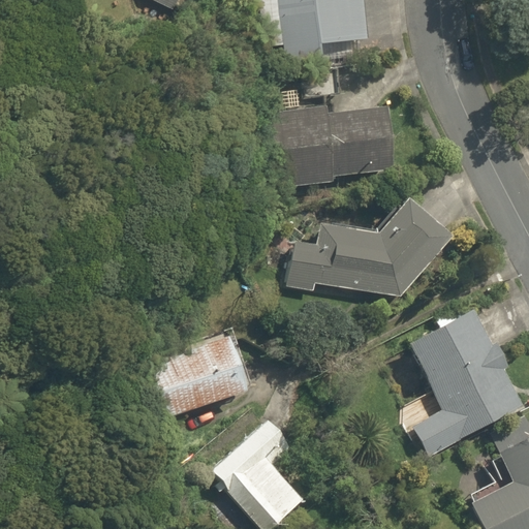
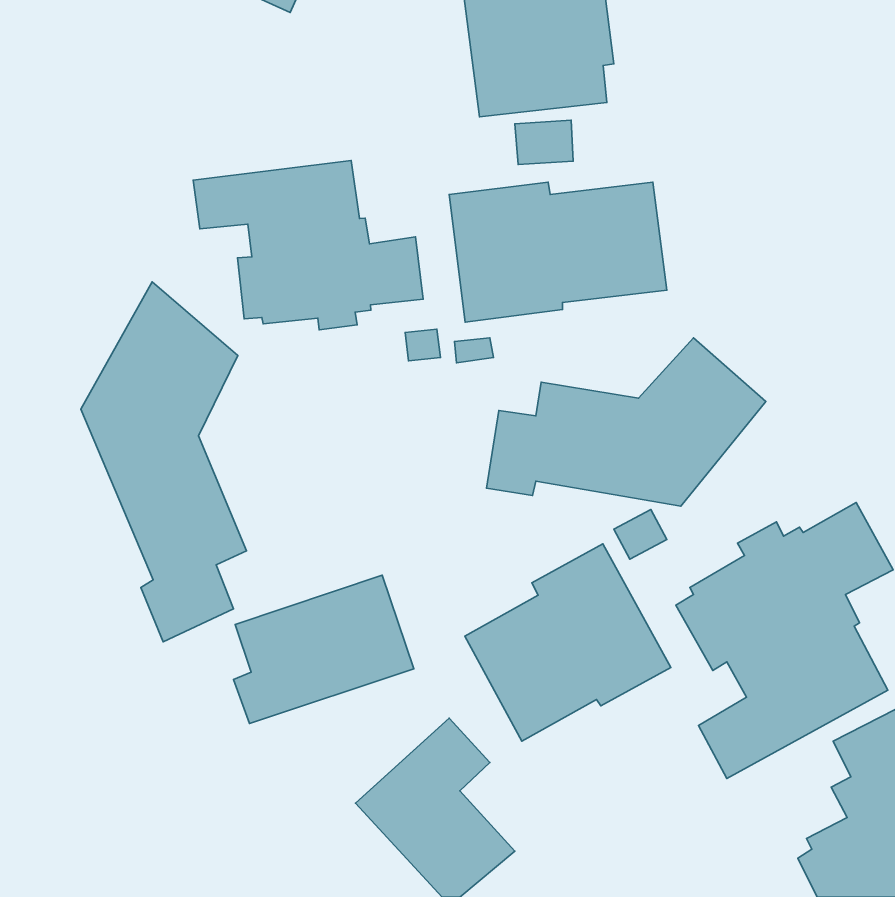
building: none -> [193,160,423,330]
building: none -> [81,282,246,642]
building: none -> [465,544,671,741]

